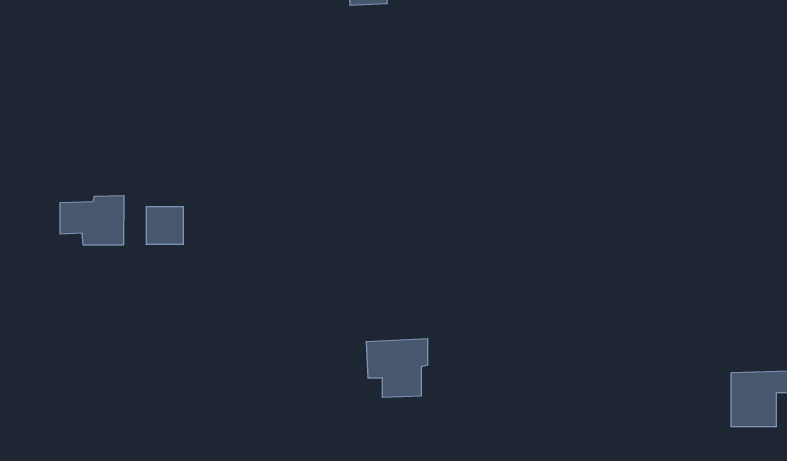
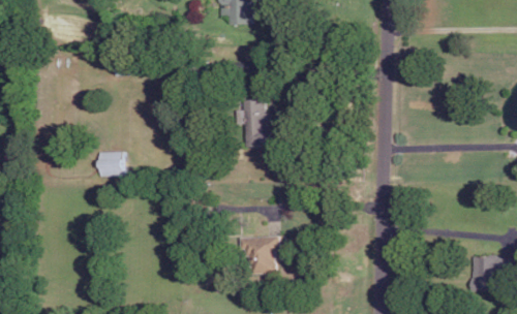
building: none -> [242,98,270,148]
building: [60,195,124,245] -> none

